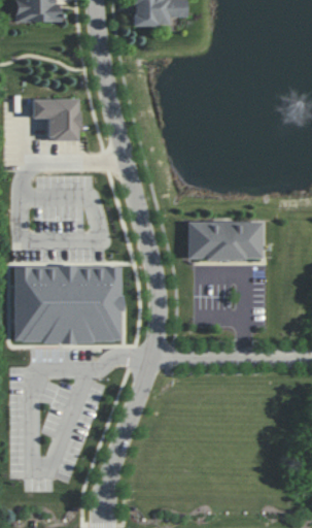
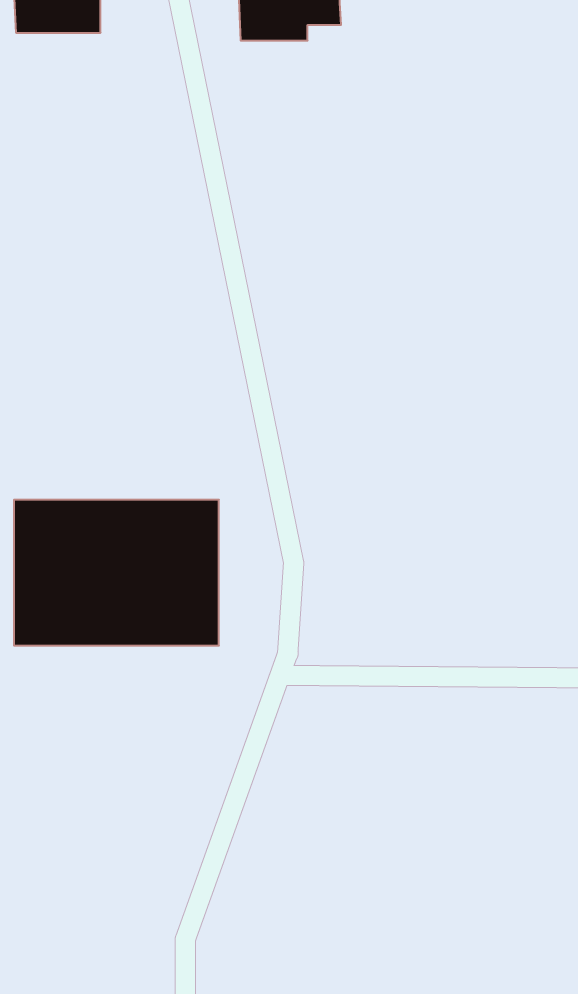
building: [32,98,79,140] -> none
building: [188,221,263,259] -> none

